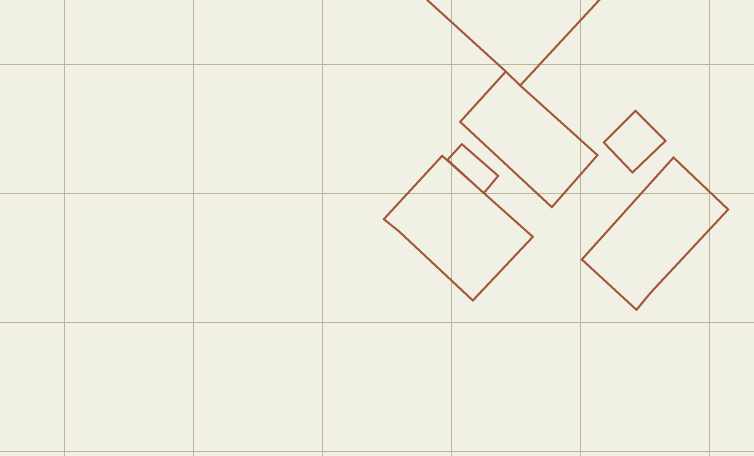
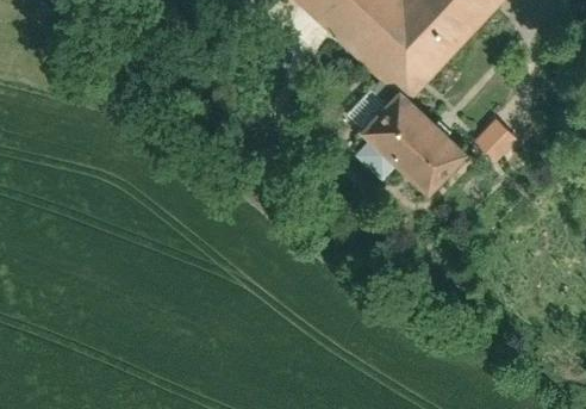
building: [384,156,533,301] -> none
building: [582,157,728,310] -> none

